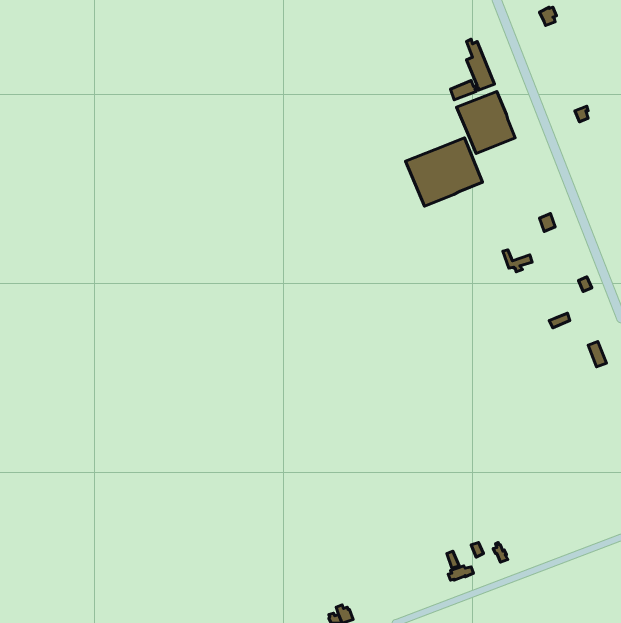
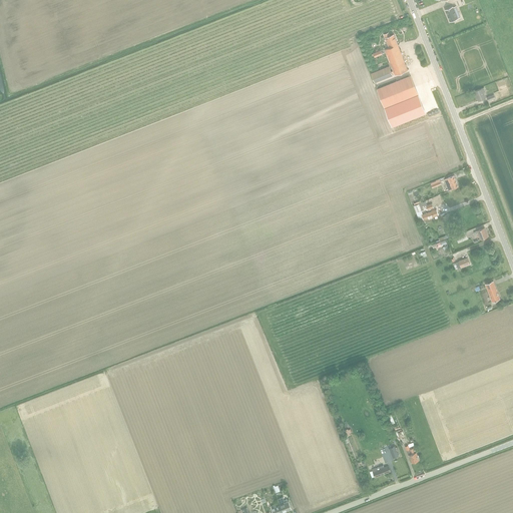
building: [406,138,482,206] -> none

